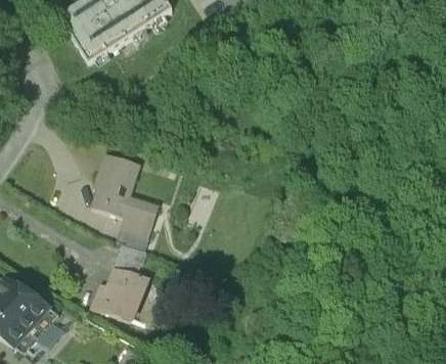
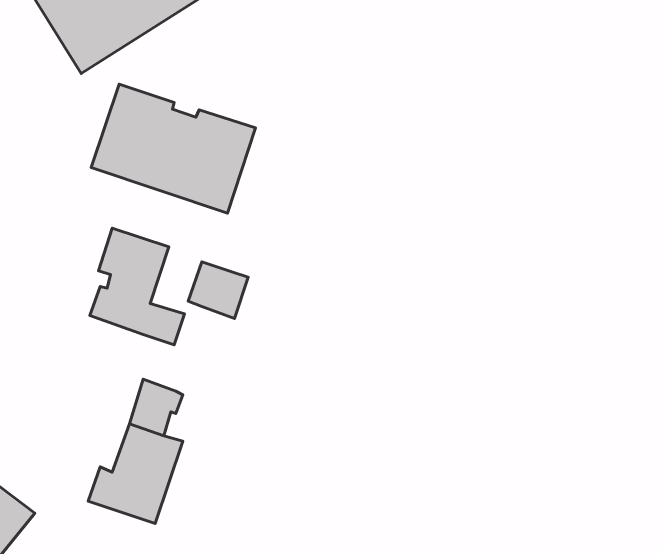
building: none -> [91,84,255,213]
building: [117,215,152,248] -> [188,262,248,318]

